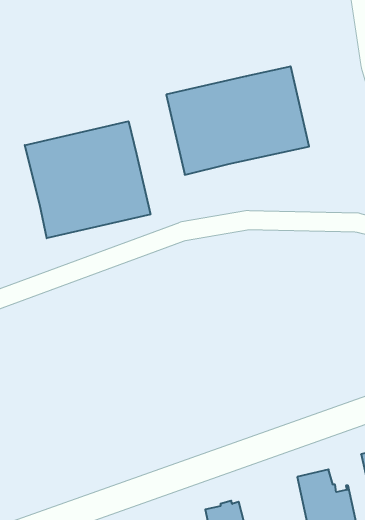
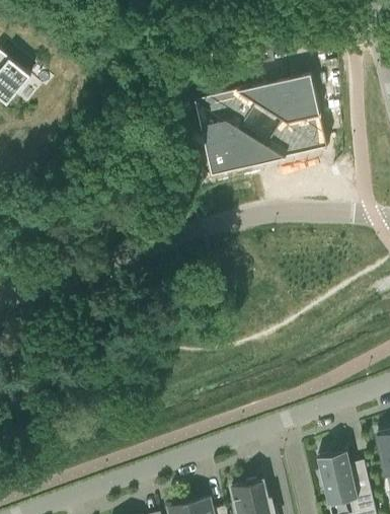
building: [25,121,150,238] -> none

